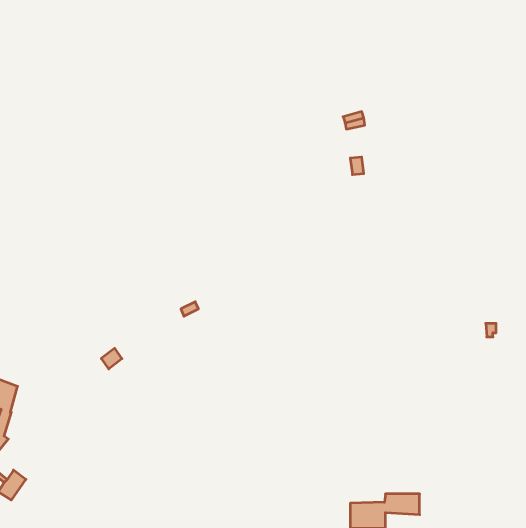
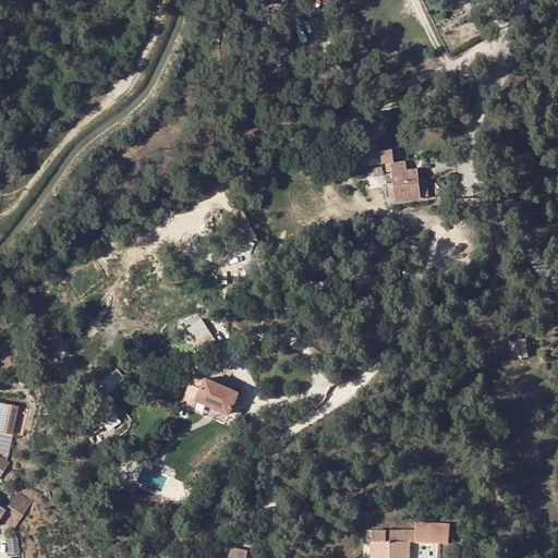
building: none -> [380,149,426,201]
building: none -> [195,383,234,417]

